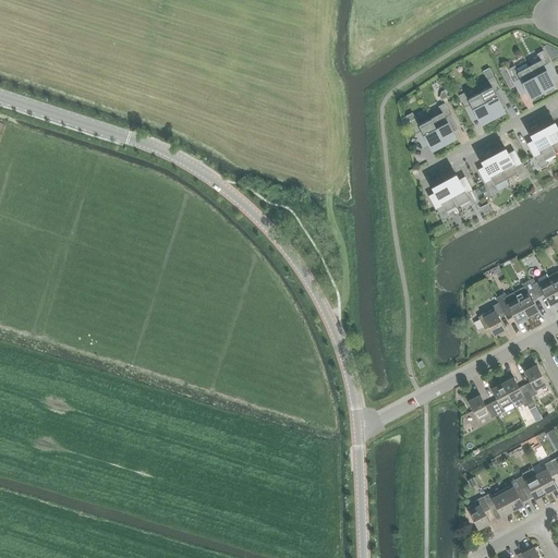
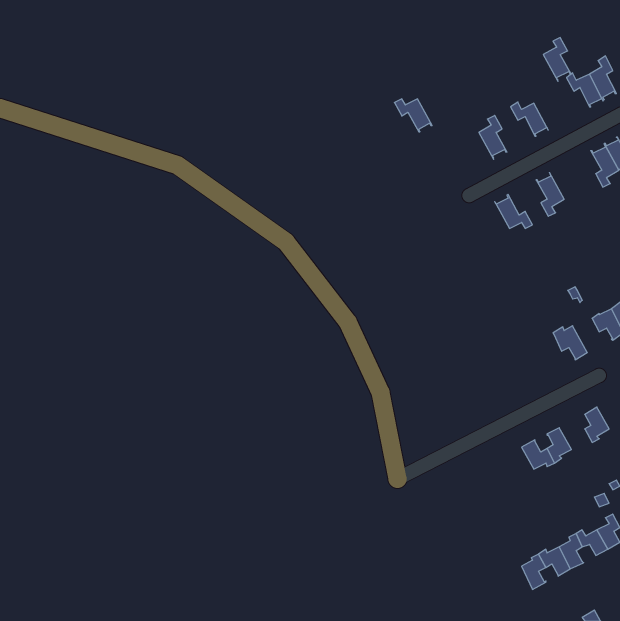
building: [480,77,505,117] -> [543,38,571,81]
building: [410,119,444,148] -> [394,99,432,132]
building: [494,148,527,179] -> none
building: [433,181,458,220] -> none
building: [514,280,539,316] -> none
building: [478,303,506,335] -> none
building: [502,377,534,409] -> none

